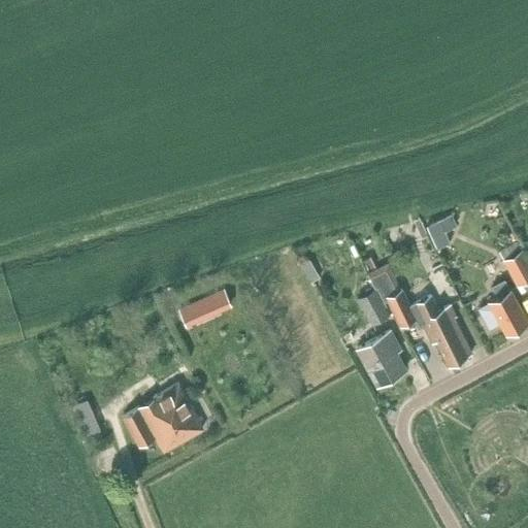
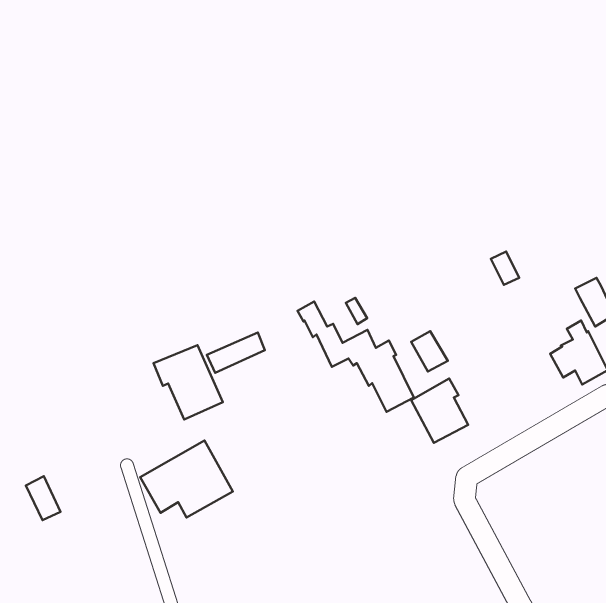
building: [371,272,472,368] -> [297,301,414,412]
building: none -> [154,345,223,419]
building: [70,402,100,440] -> [26,476,60,520]

